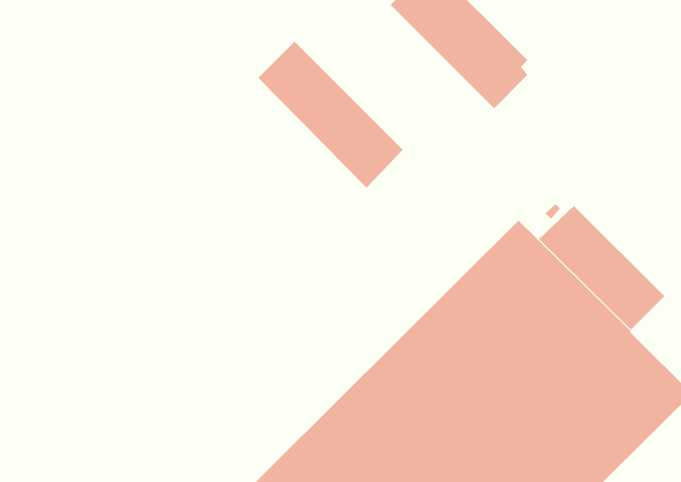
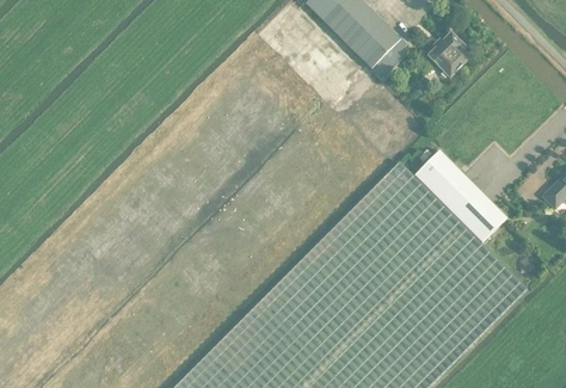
building: [257,41,404,189] -> none
building: none -> [427,33,469,79]

